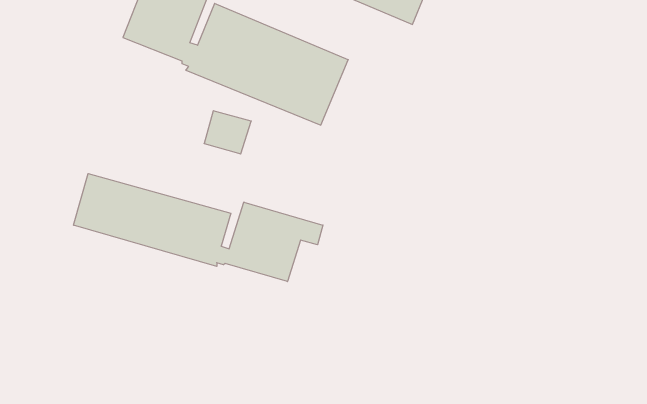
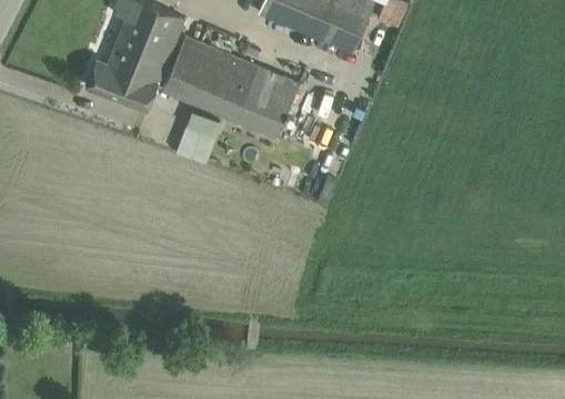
building: none -> [84,58,157,109]
building: [74,174,323,282] -> none

